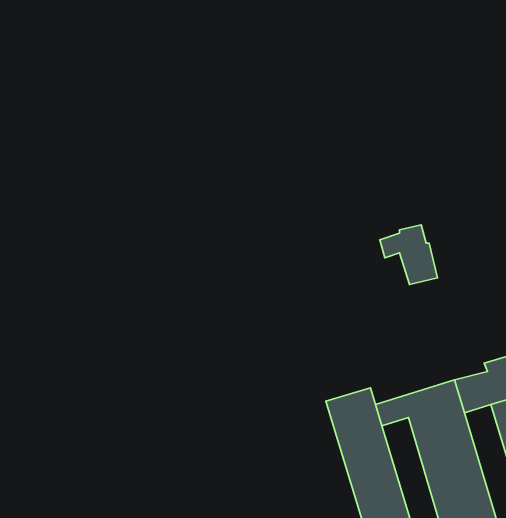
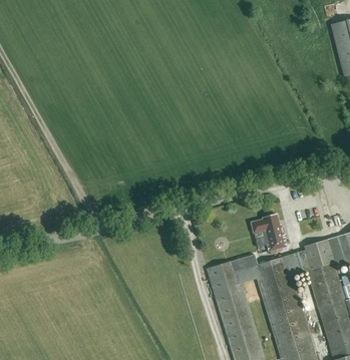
building: [380,225,438,284] -> [251,214,286,250]

